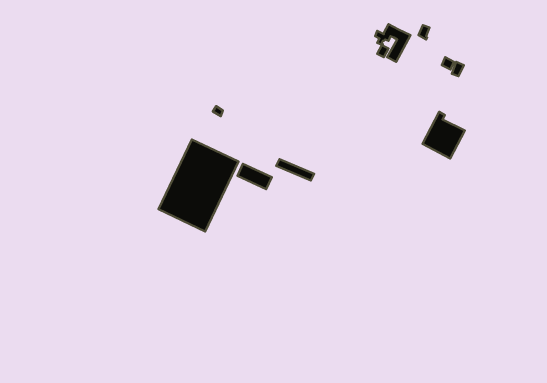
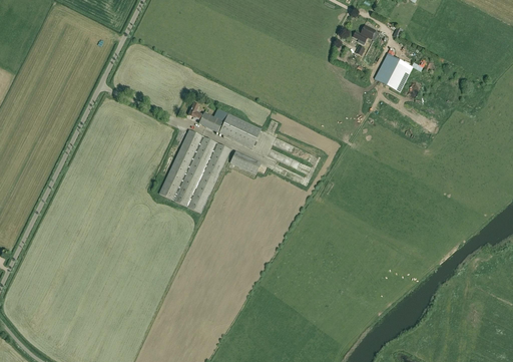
building: none -> [188,102,261,148]
building: [423,112,465,158] -> [375,49,413,91]

